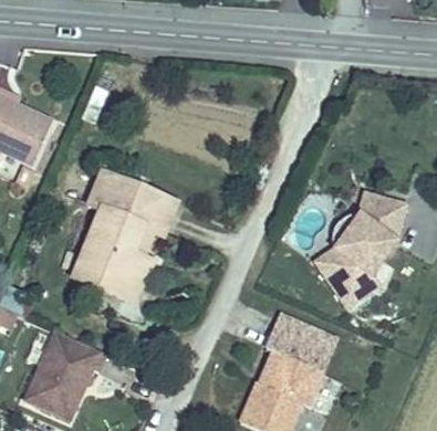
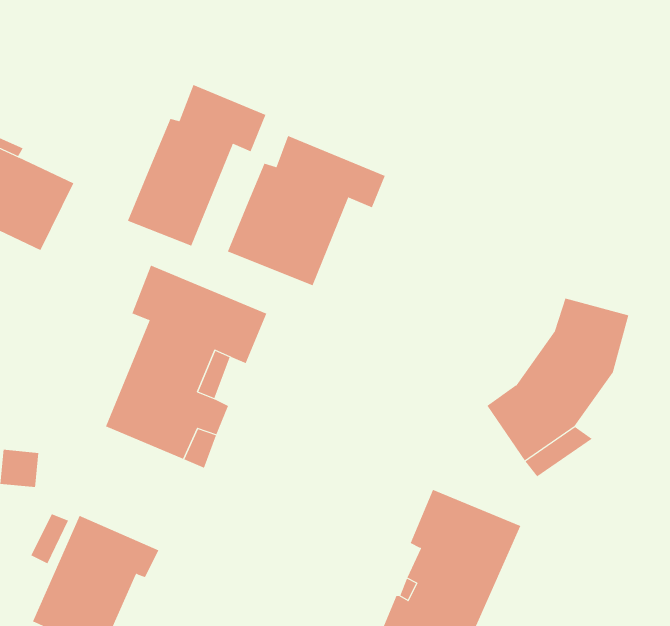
building: none -> [127,84,266,247]
building: none -> [227,135,385,286]

